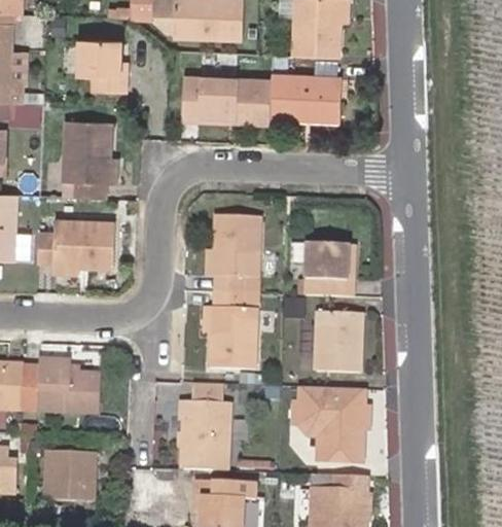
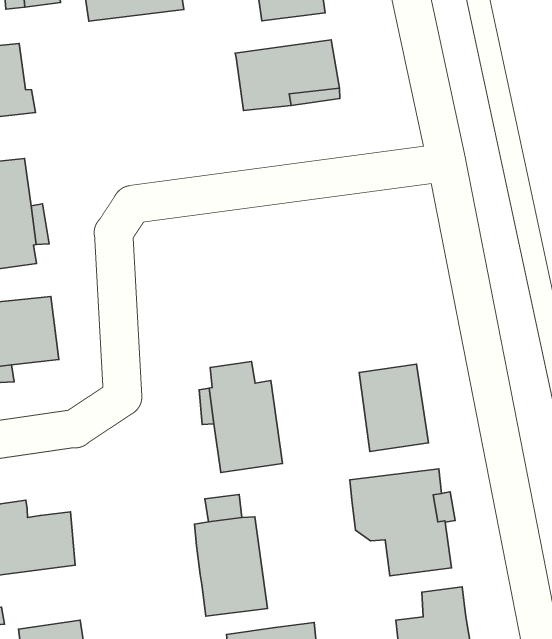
building: [181,75,271,124] -> none
building: [213,218,260,293] -> none
building: [307,244,356,297] -> none

